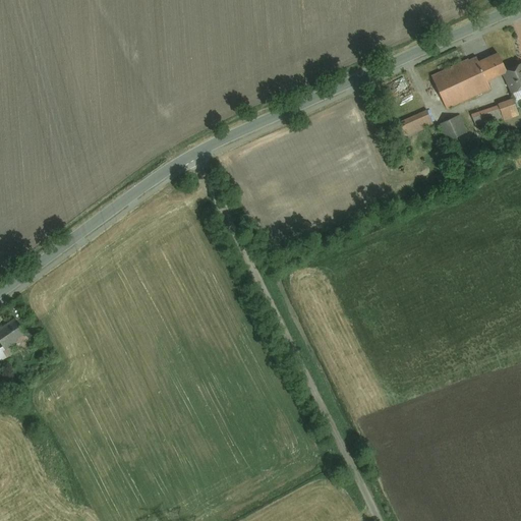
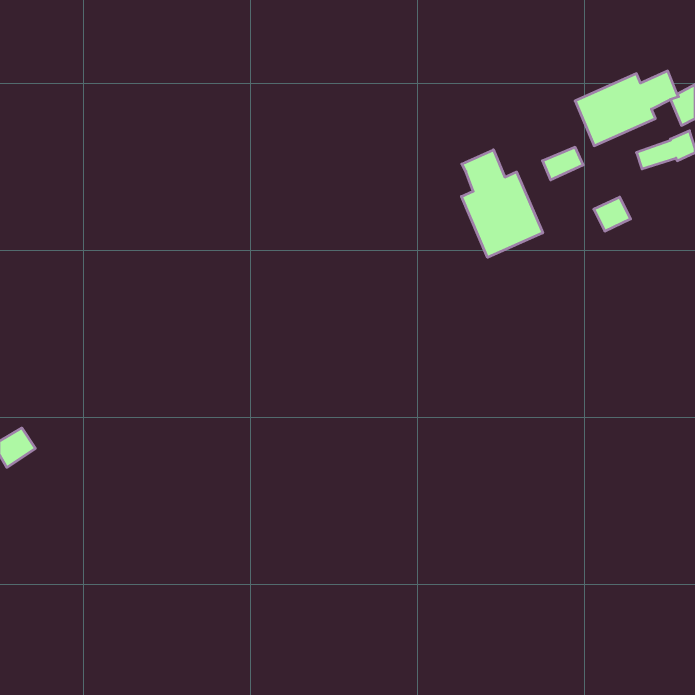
building: none -> [461,150,543,257]
building: [441,115,468,140] -> [594,197,631,231]

